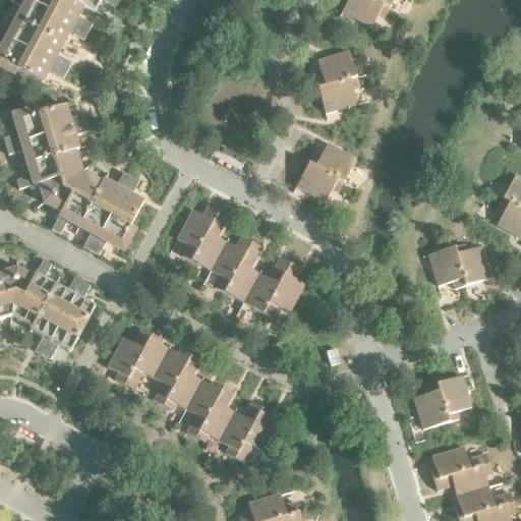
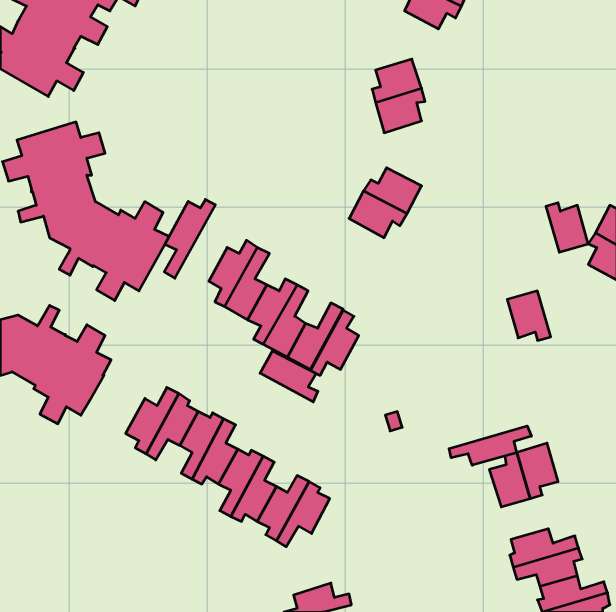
building: none -> [164,199,215,278]
building: [454,242,489,284] -> [546,203,588,252]
building: none -> [260,351,318,402]
building: none -> [449,426,531,465]

